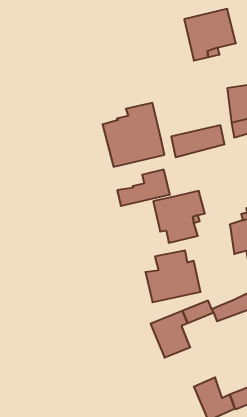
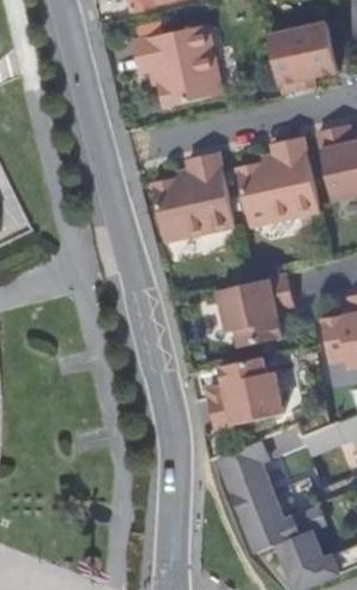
building: none -> [126,24,217,108]
building: [117,170,170,206] -> [238,149,311,199]
building: none -> [234,492,323,555]

